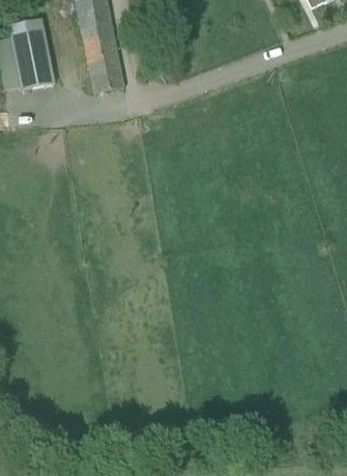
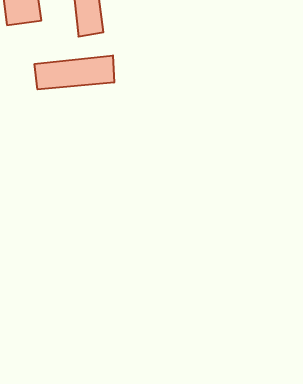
building: none -> [35,55,114,89]

